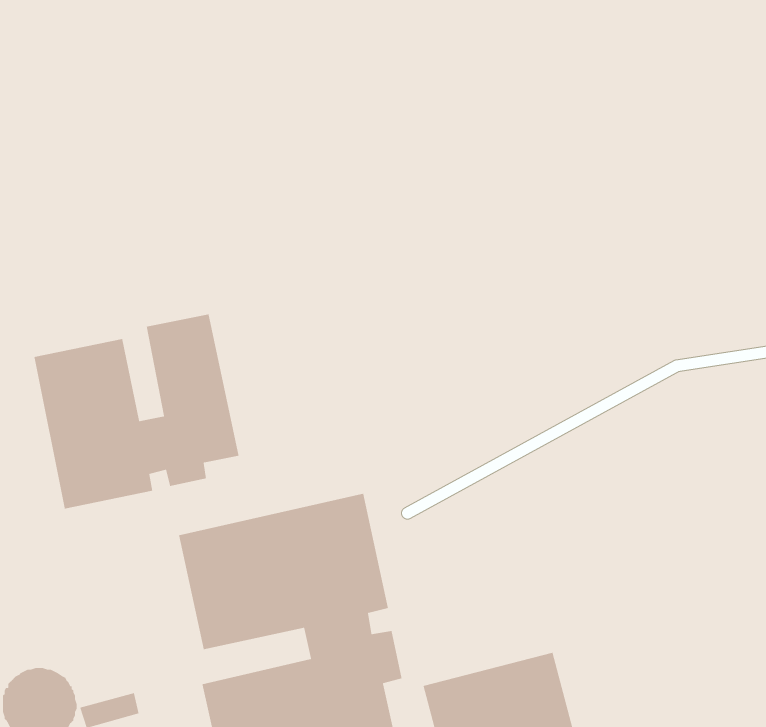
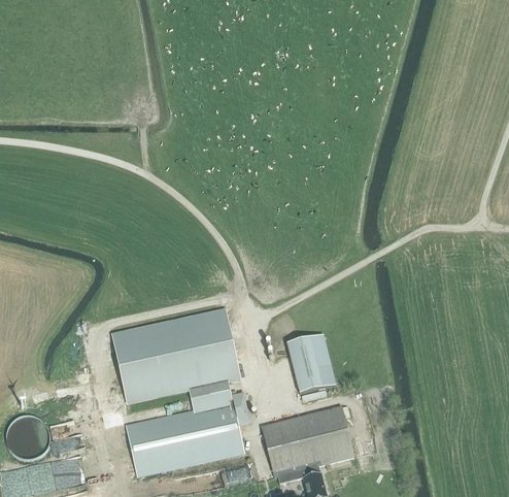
building: [34,314,240,510] -> none
building: none -> [286,334,336,393]

